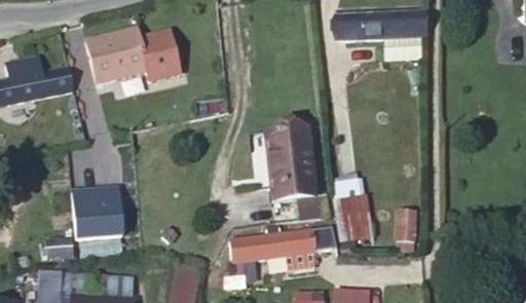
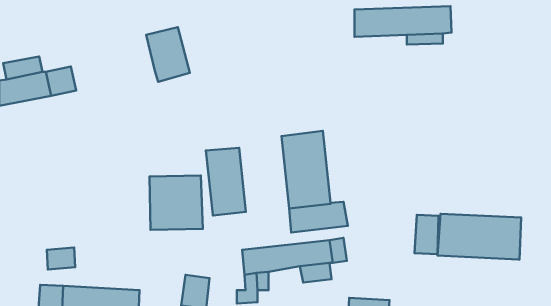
building: [86,29,149,85] -> none
building: none -> [206,148,246,215]
building: [71,185,121,236] -> [150,175,203,230]
building: [335,200,370,236] -> none
building: none -> [437,214,521,259]

